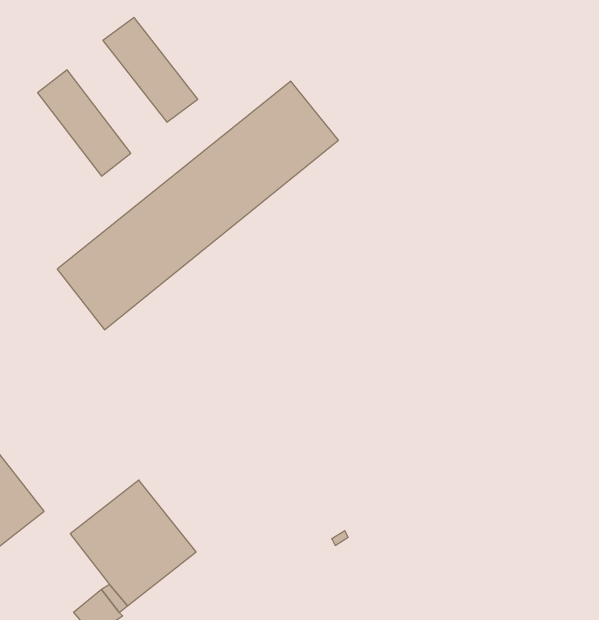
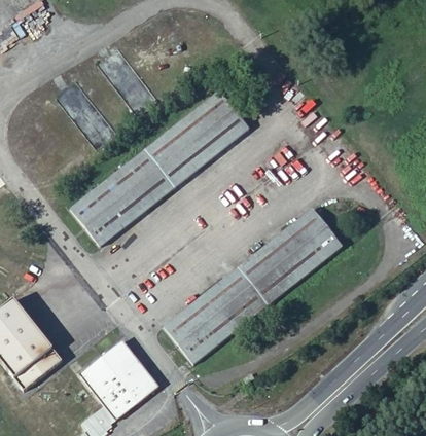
building: none -> [164,208,343,363]

